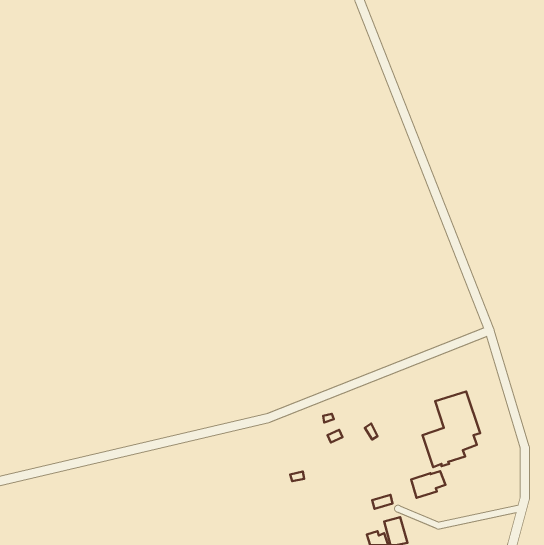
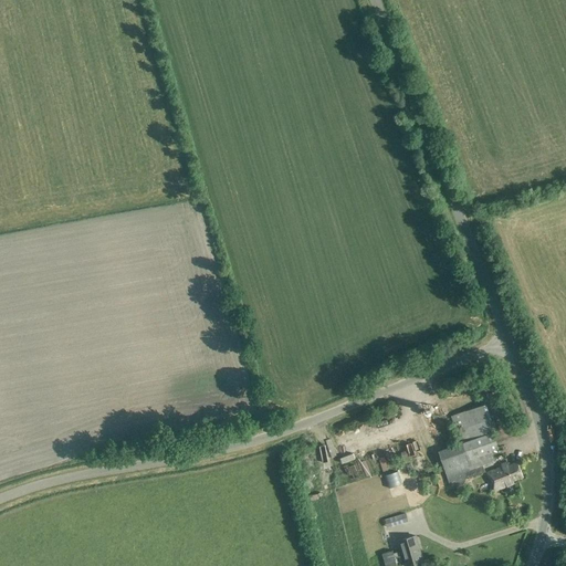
building: [411,471,445,498] -> [488,463,523,491]

